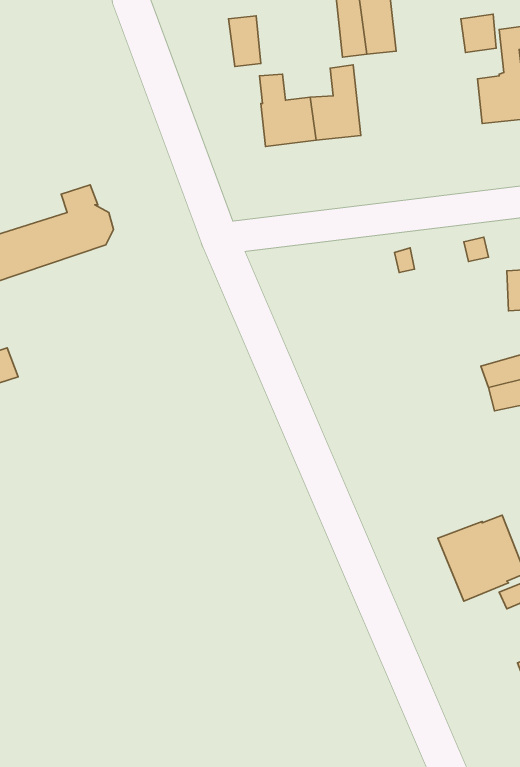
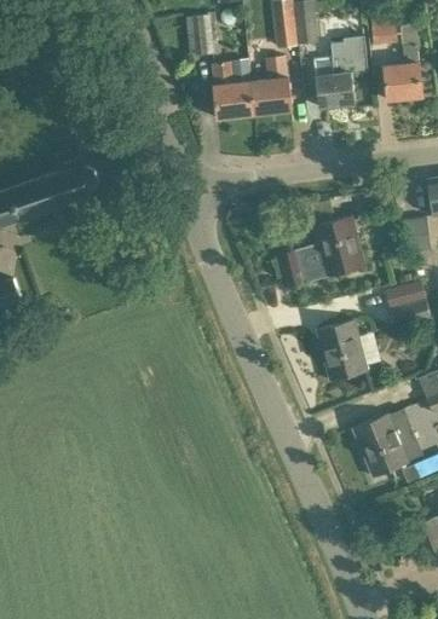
building: none -> [313,41,355,106]
building: none -> [278,215,364,287]
building: none -> [316,319,367,381]

